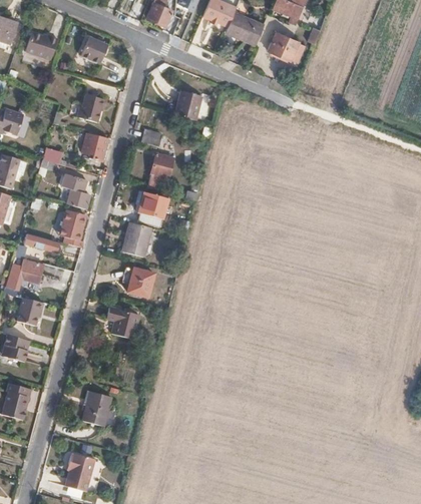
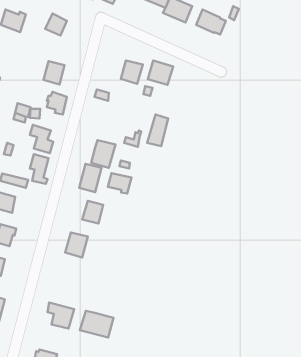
building: none -> [148,60,173,85]
building: [146,152,172,191] -> [147,115,168,146]
building: none -> [108,173,131,193]
building: none -> [80,311,113,338]

